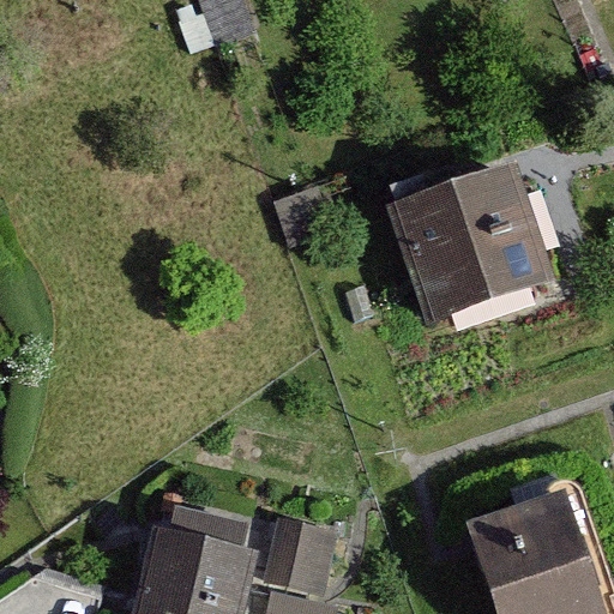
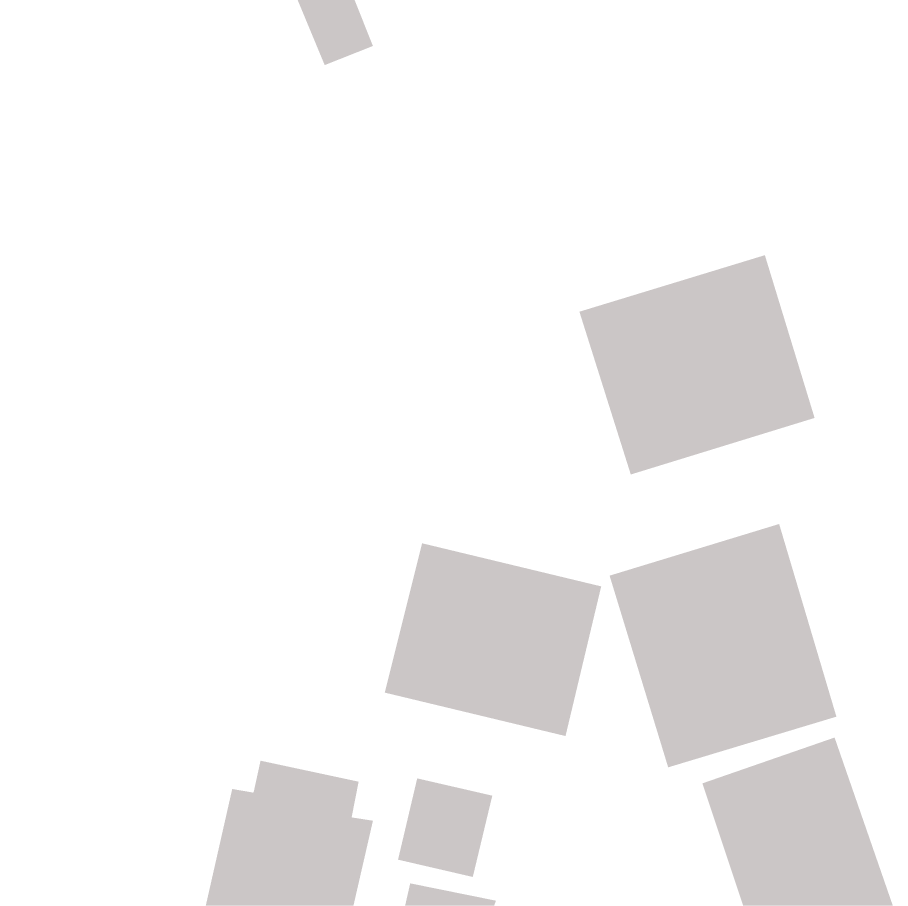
building: none -> [609,523,837,768]
building: none -> [384,542,602,737]

